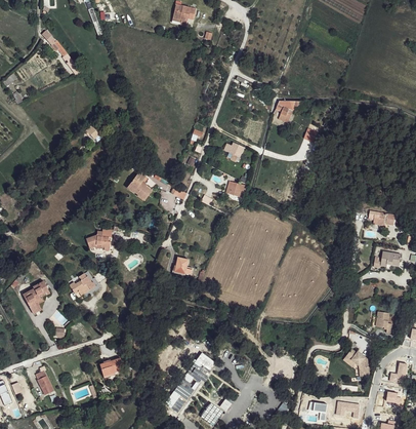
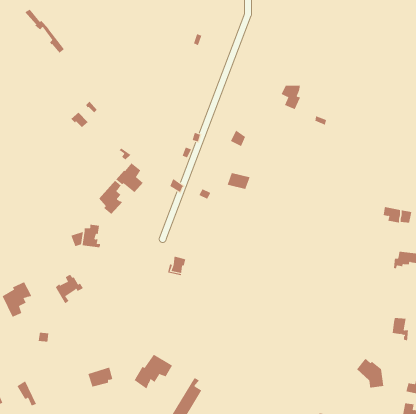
building: none -> [99,180,123,215]
building: none -> [134,354,173,389]

